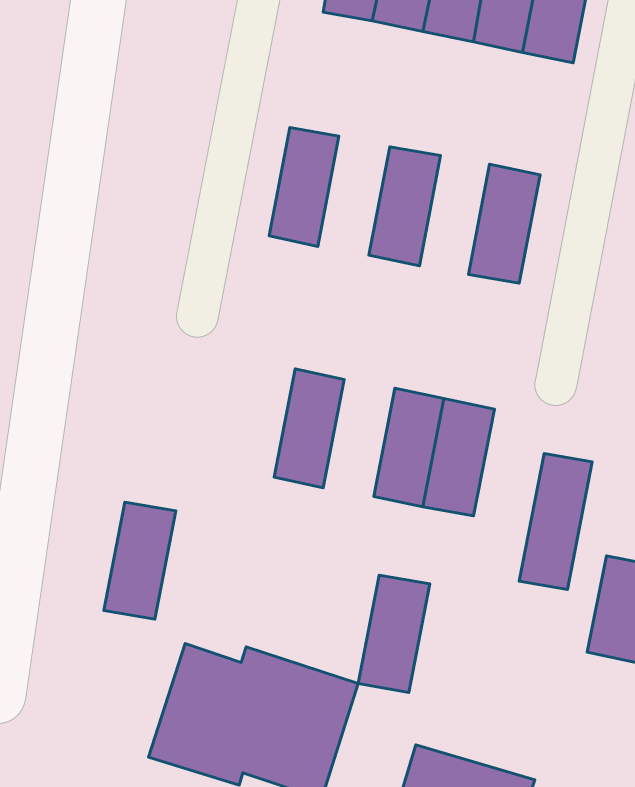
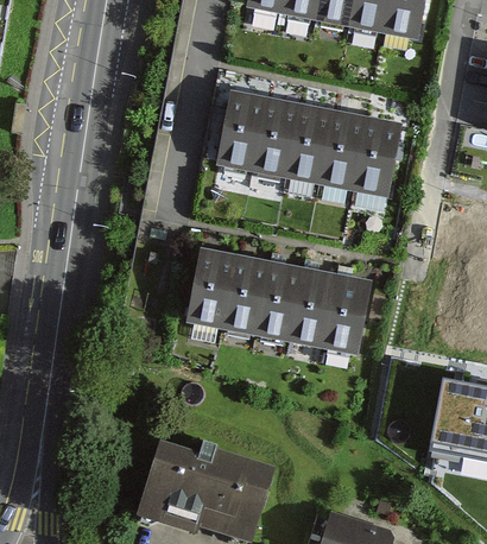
building: none -> [249,95,298,176]
building: none -> [318,108,366,189]
building: [519,454,592,589] -> none
building: [104,502,176,619] -> [185,247,234,327]
building: [358,575,430,692] -> [253,260,302,340]

